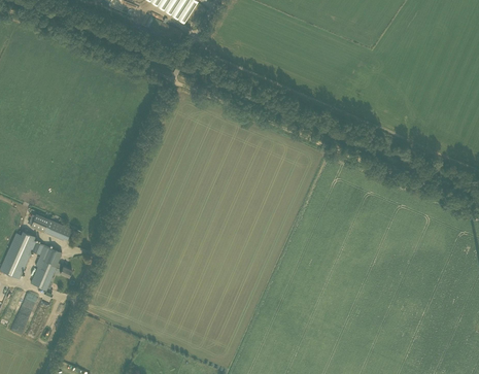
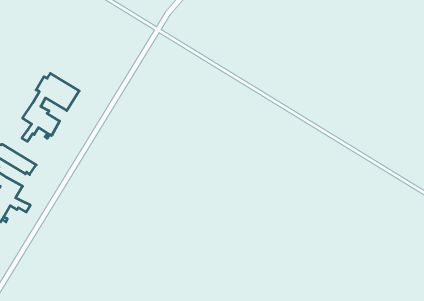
building: none -> [22,73,79,141]

